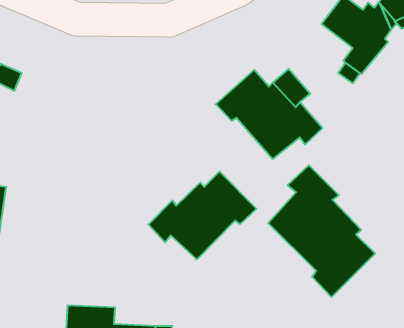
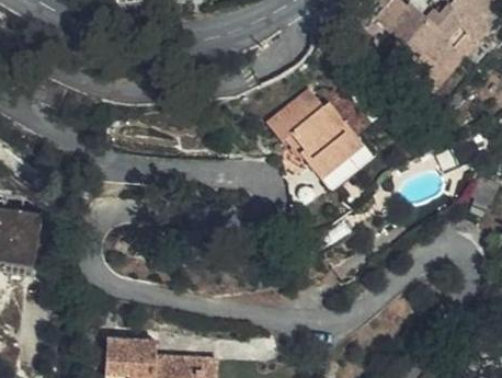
building: [268,165,375,297] -> none
building: [148,171,256,259] -> none

